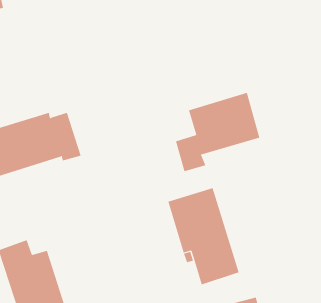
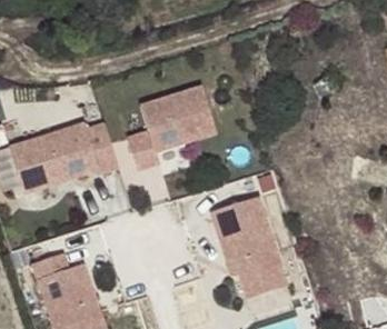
building: [175,92,260,172] -> [130,91,219,175]

